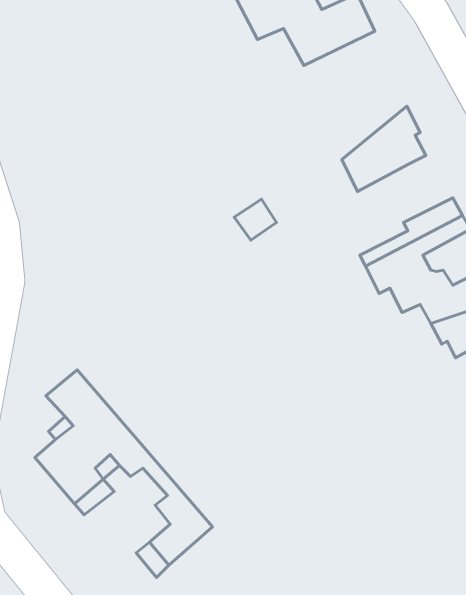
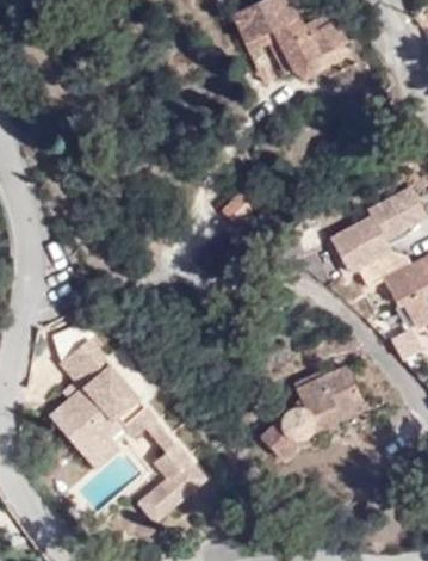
building: [342,106,426,191] -> none
building: none -> [259,368,365,463]

